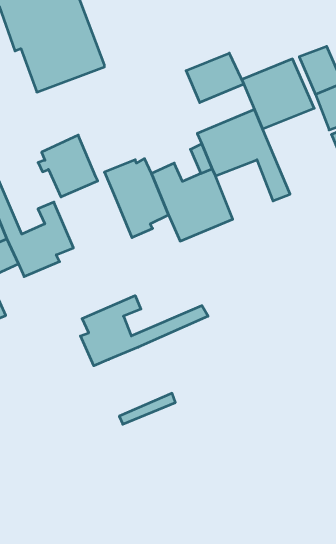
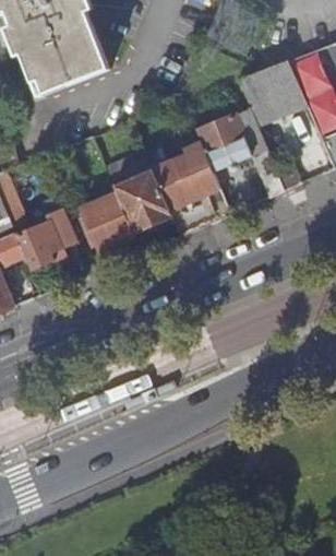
building: [186,53,244,103] -> none
building: [38,135,98,197] -> [79,192,135,251]
building: [80,296,208,366] -> none

